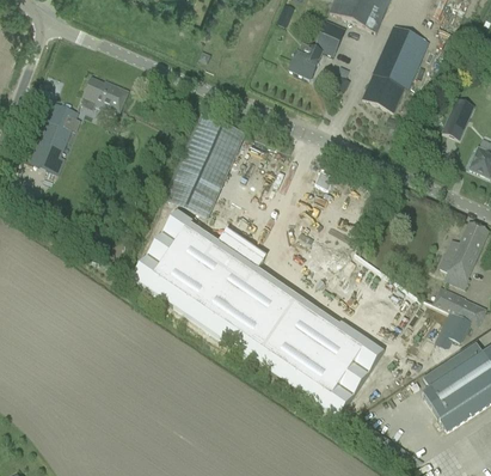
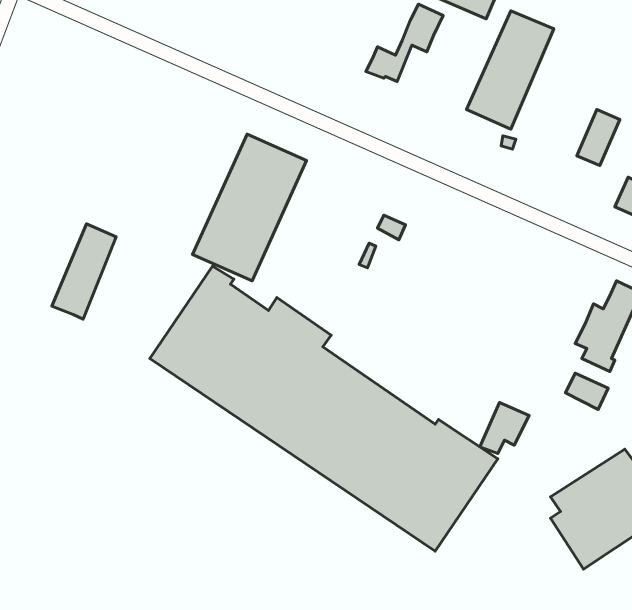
building: [85,75,130,110] -> none
building: [32,100,79,170] -> [52,224,116,319]
building: [436,310,472,347] -> [480,402,529,453]

